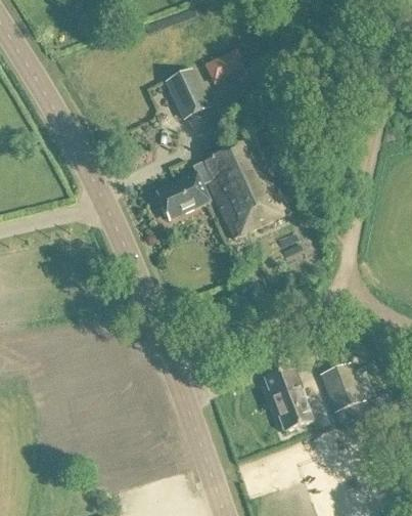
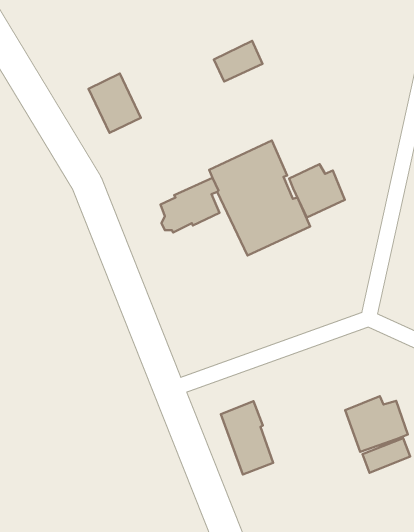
building: [164,68,210,120] -> [88,74,141,133]
building: none -> [289,164,345,218]
building: [264,365,310,430] -> [221,401,273,474]

